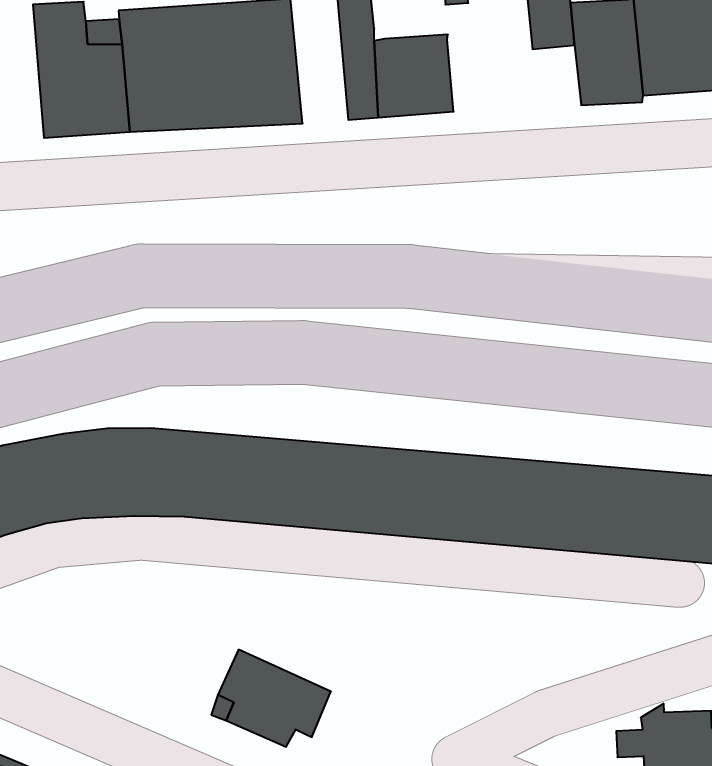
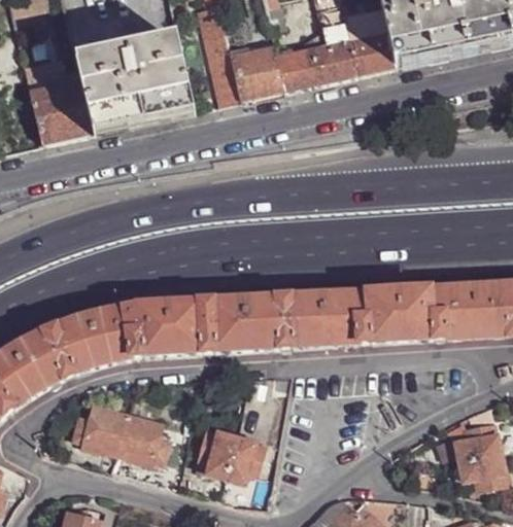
building: none -> [275,34,361,90]
building: none -> [69,405,167,462]

